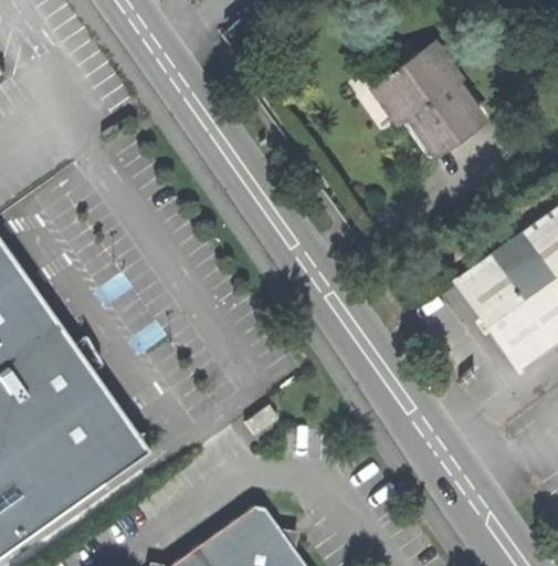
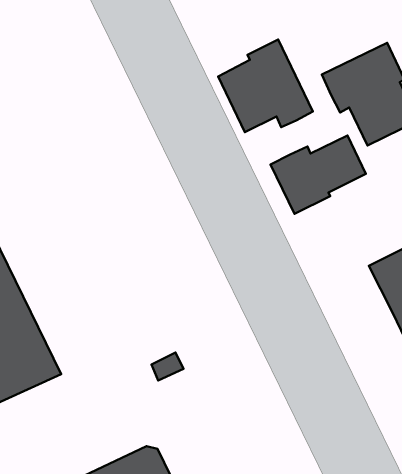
building: none -> [218,40,313,132]
building: none -> [271,136,366,214]

